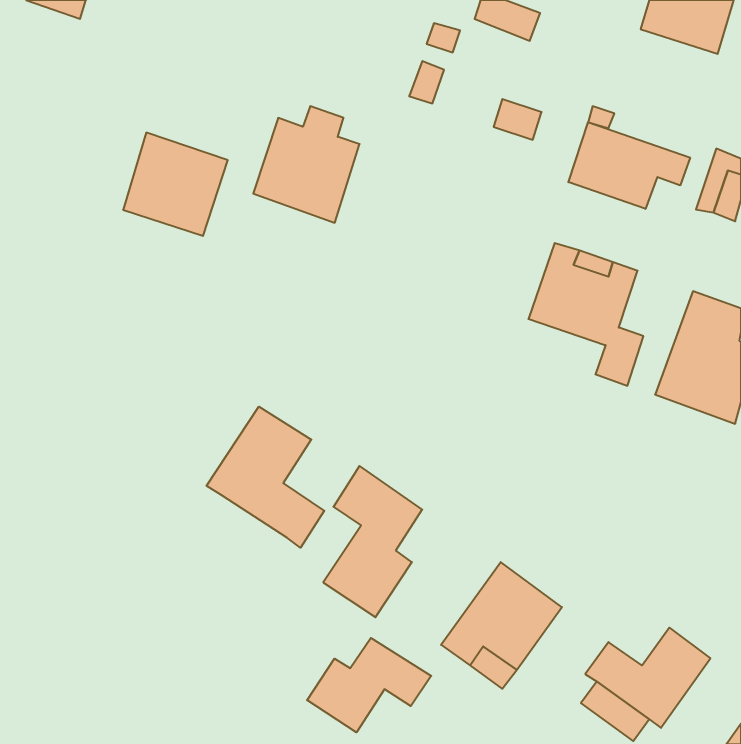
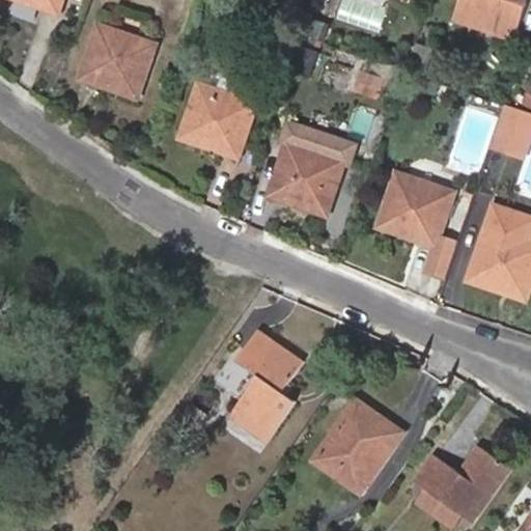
building: [568,122,690,209] -> none
building: [123,133,228,236] -> [80,25,155,99]
building: none -> [270,130,344,217]
building: [207,407,324,548] -> none
building: [307,638,431,732] -> none

